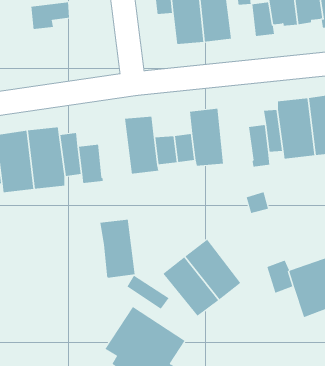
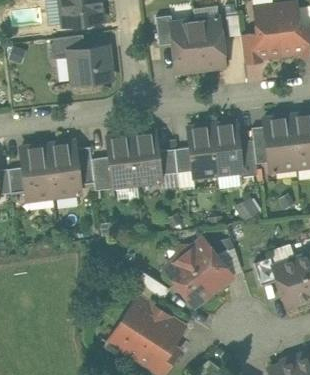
building: none -> [70,46,112,84]
building: none -> [213,123,243,174]
building: [100,219,135,278] -> [107,135,138,186]

